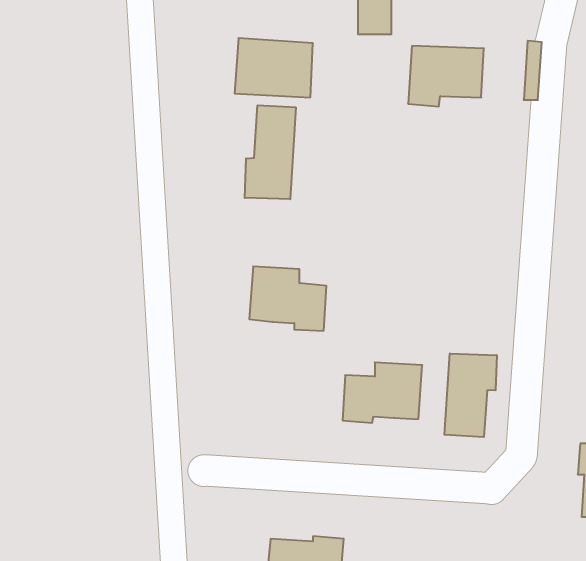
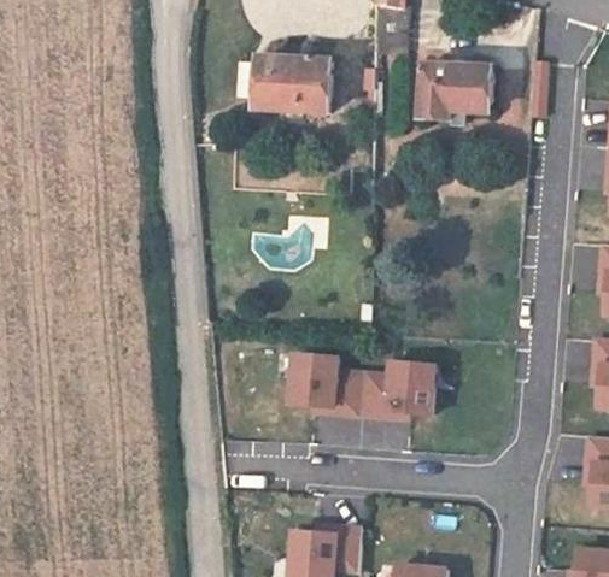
building: [245,105,296,199] -> none
building: [249,266,326,331] -> [289,355,362,416]
building: [444,353,497,437] -> none

